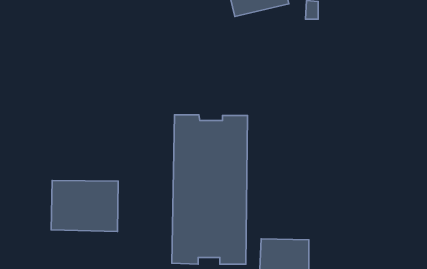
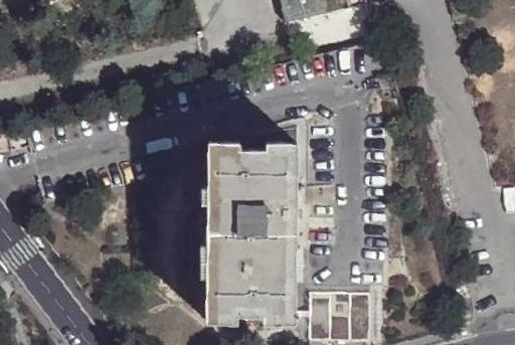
building: [51,180,118,231] -> none

